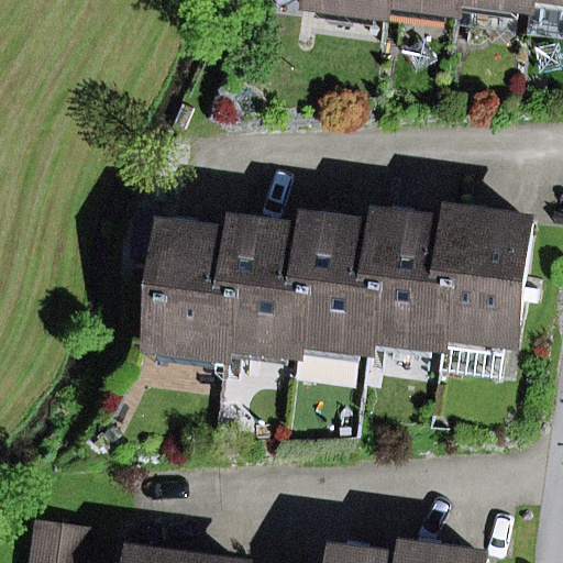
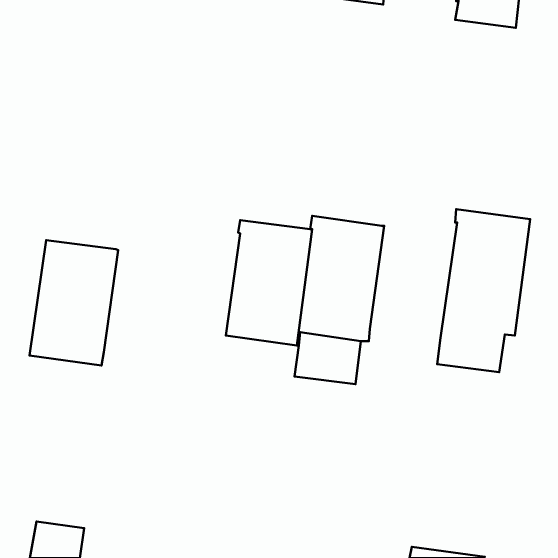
building: [367,211,454,335] -> none
building: [151,222,239,346] -> [30,240,118,365]

